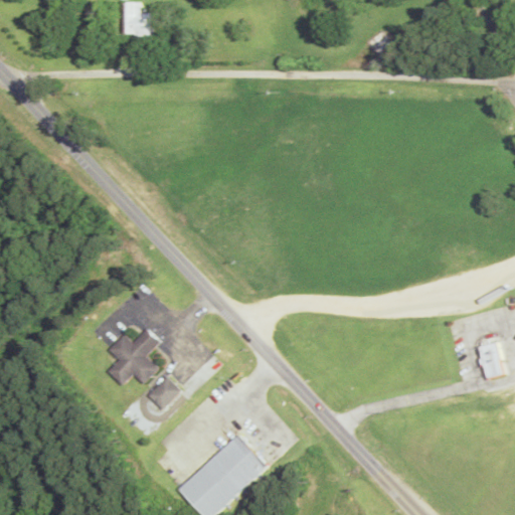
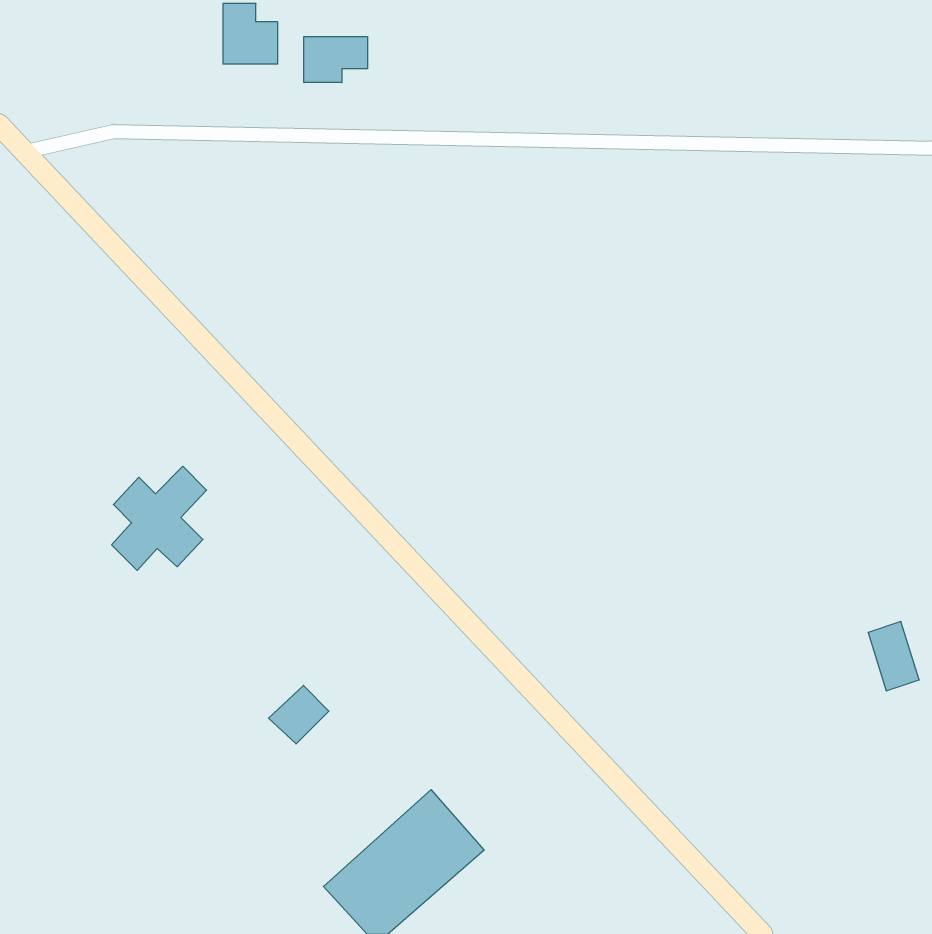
building: none -> [304,37,367,83]
building: [108,329,160,386] -> [112,466,207,570]

